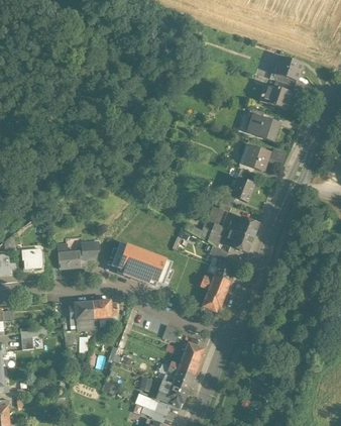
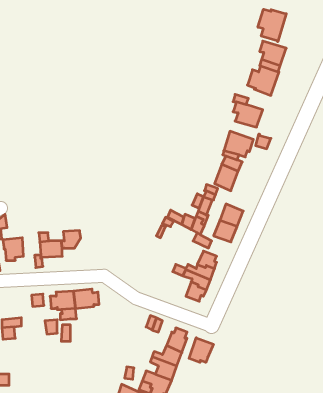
building: none -> [258,9,286,42]
building: [110,240,172,285] -> none
building: none -> [189,338,213,362]

